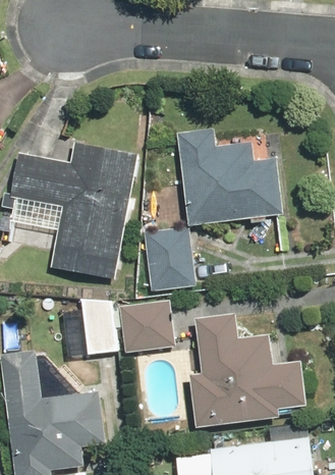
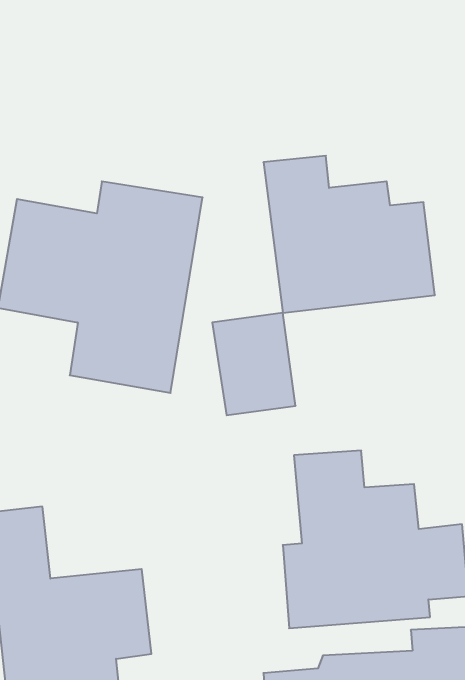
building: [79,298,117,354] -> none
building: [119,302,174,353] -> none

